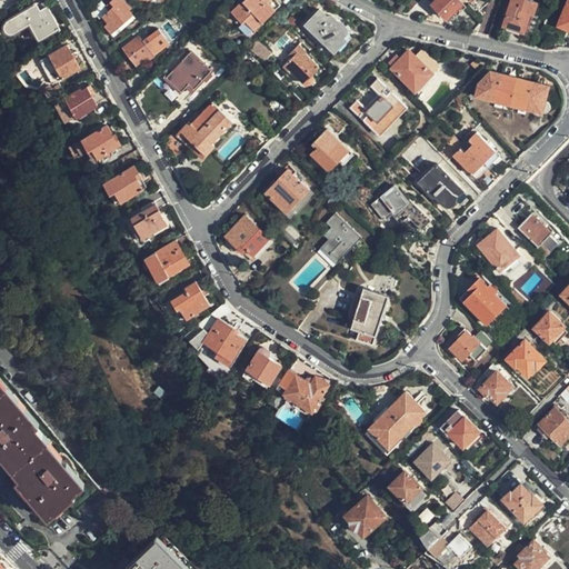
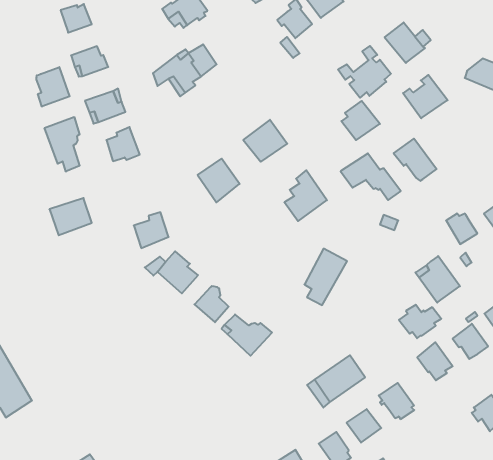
building: [310,132,349,172] -> [341,101,380,140]
building: [453,136,499,180] -> [403,75,448,118]
building: none -> [36,67,70,107]
building: none -> [45,117,80,172]
building: [142,240,187,281] -> [49,198,92,235]

